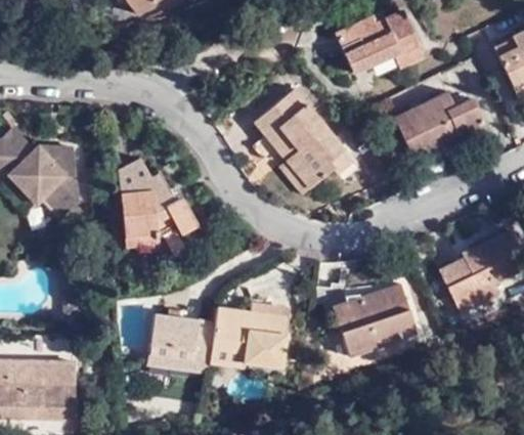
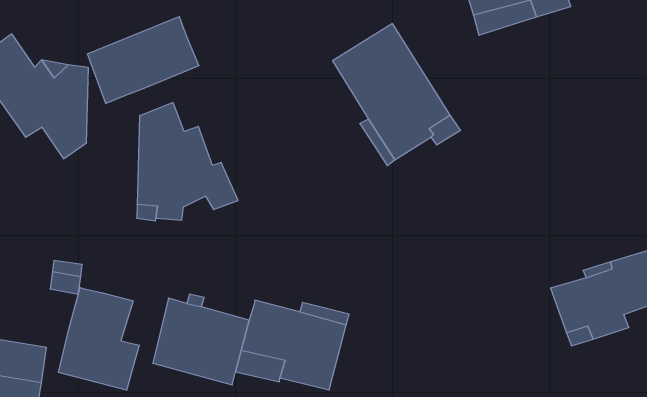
building: [395,90,488,156] -> none
building: none -> [88,17,199,104]
building: [335,282,421,355] -> none
building: none -> [59,287,139,390]

